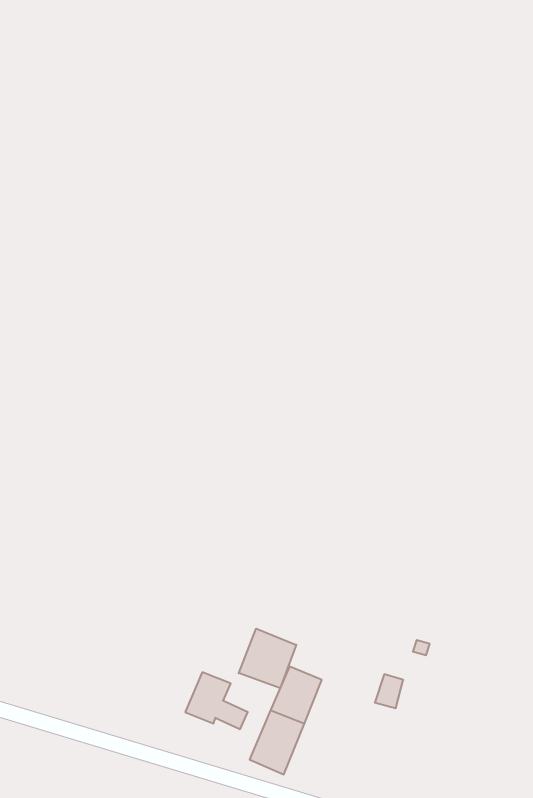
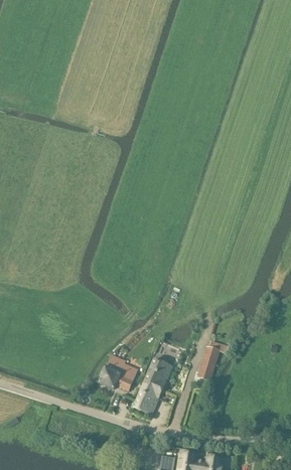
building: [239,629,296,688] -> none

